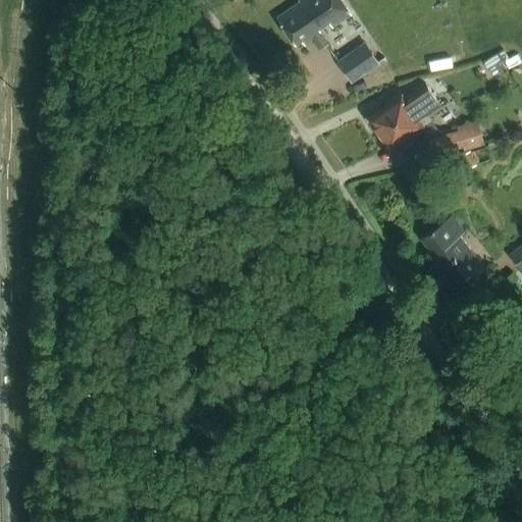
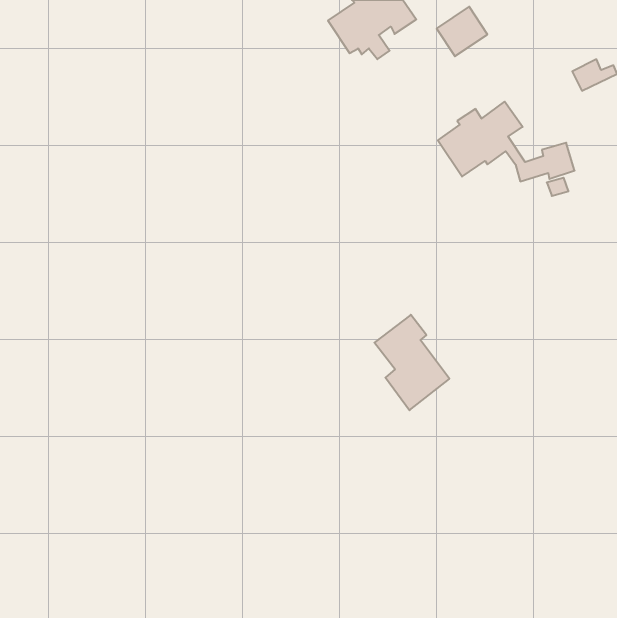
building: [336,42,379,84] -> [437,7,487,56]
building: [421,215,484,296] -> [374,315,449,410]

